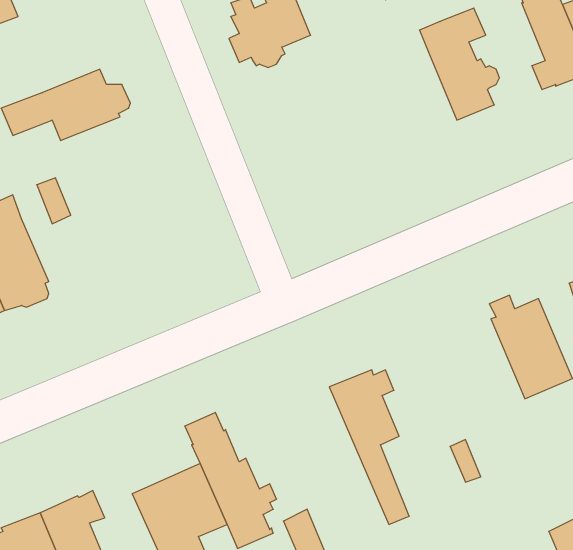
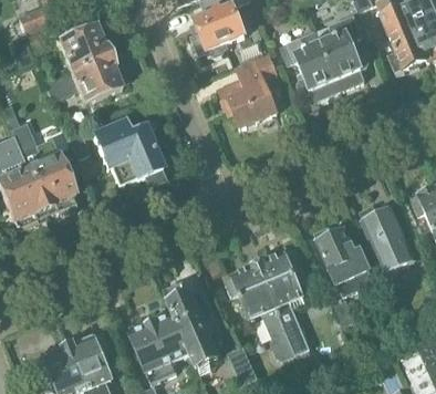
building: none -> [58,25,112,72]
building: none -> [280,31,340,101]
building: none -> [228,52,278,127]
building: none -> [93,122,165,186]
building: none -> [314,226,373,296]
building: none -> [226,263,295,360]

